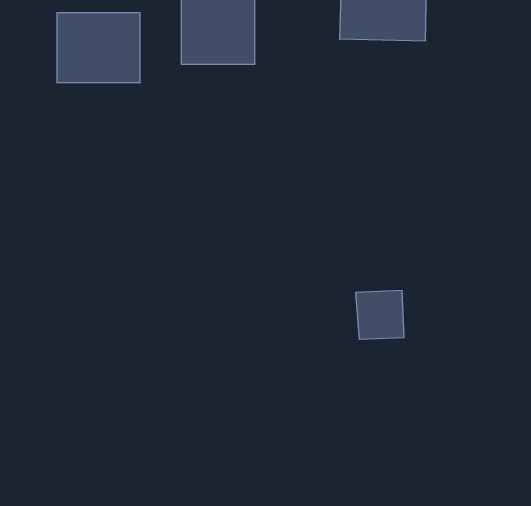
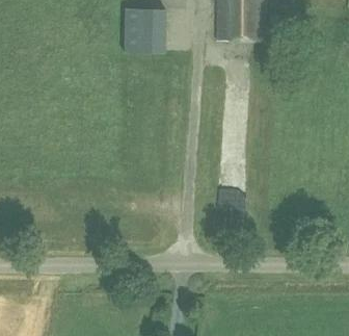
building: [57,13,140,83] -> none

